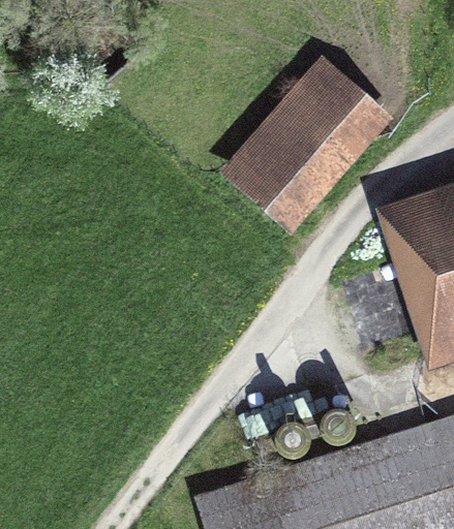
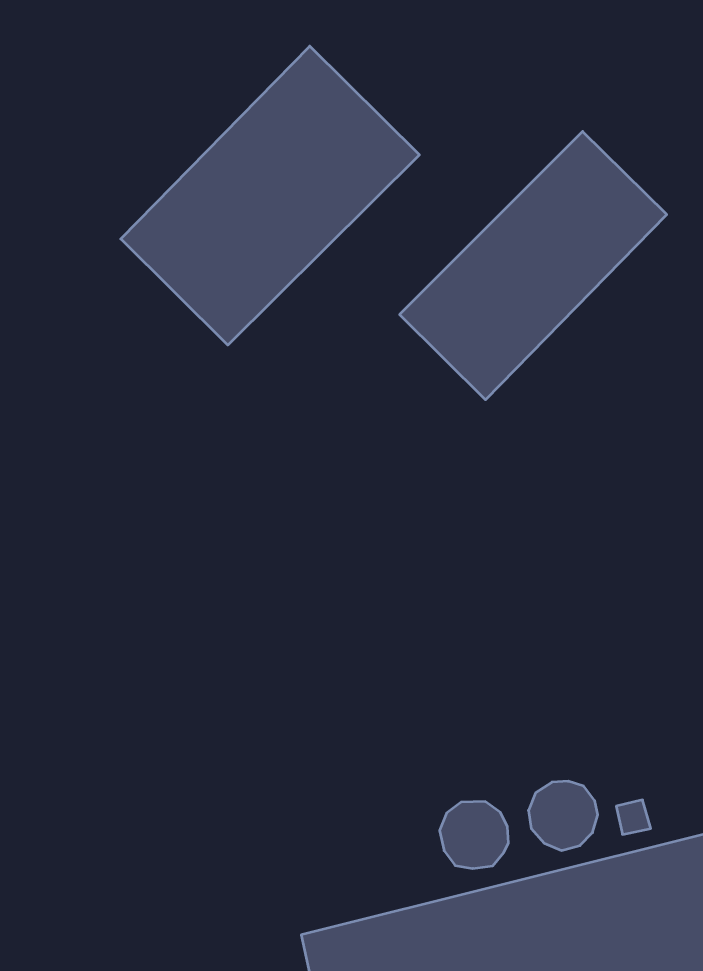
building: none -> [121,46,419,345]

